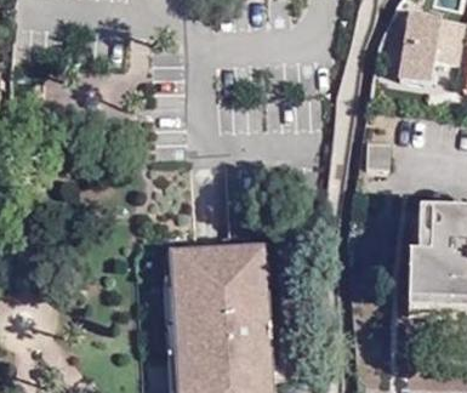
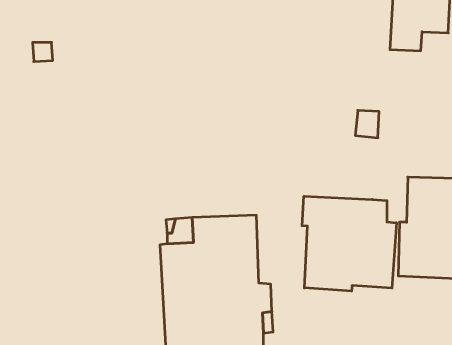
building: none -> [302,196,396,291]

